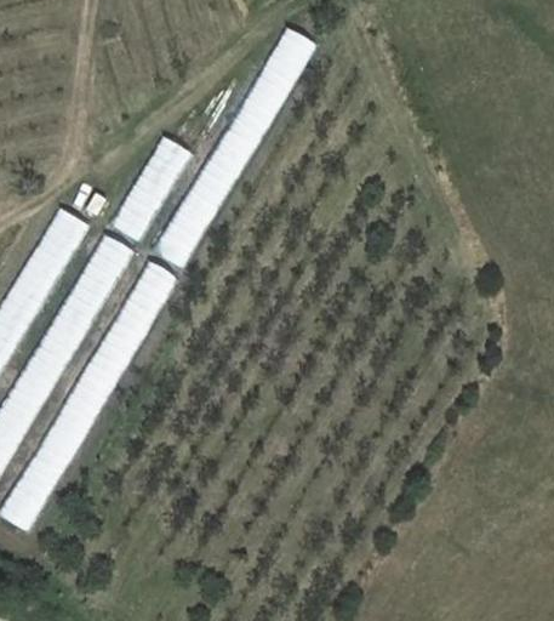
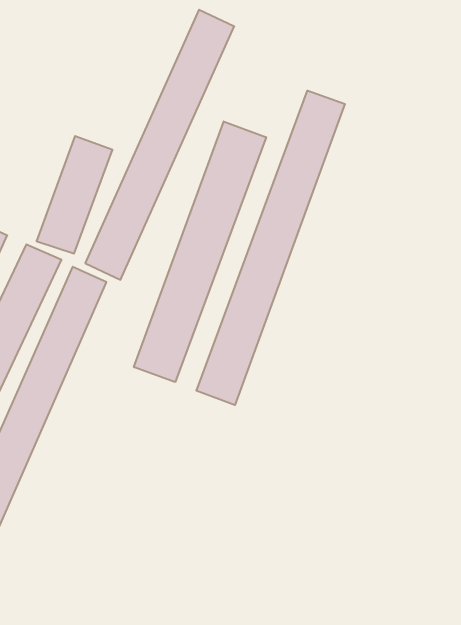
building: none -> [196,91,345,405]
building: none -> [134,121,266,382]

